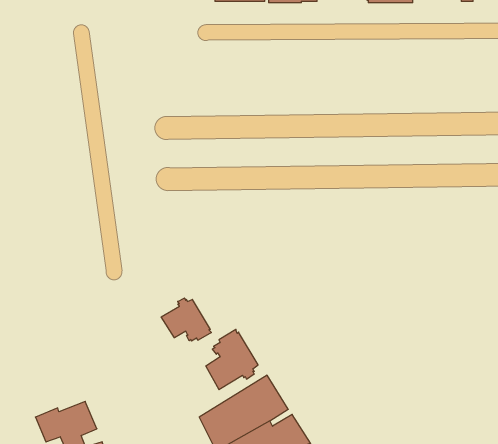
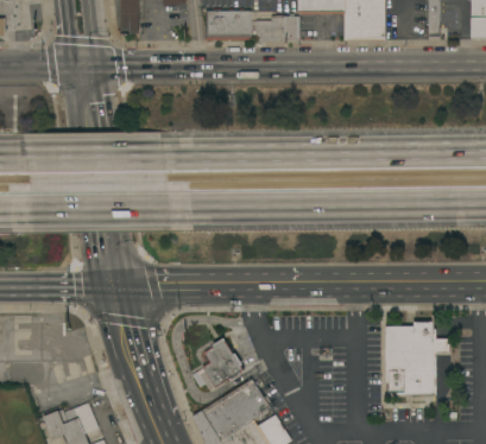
building: [161,298,211,341] -> none
building: none -> [385,322,449,395]

